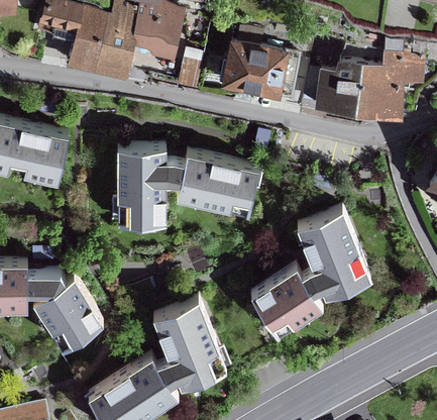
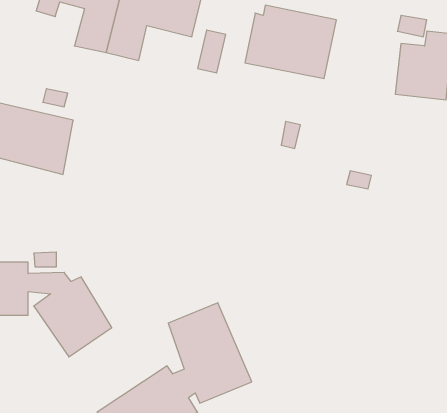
building: [315,63,360,111] -> none
building: [116,143,258,223] -> none
building: [250,208,370,336] -> none

